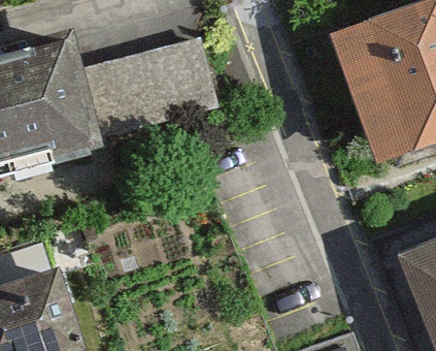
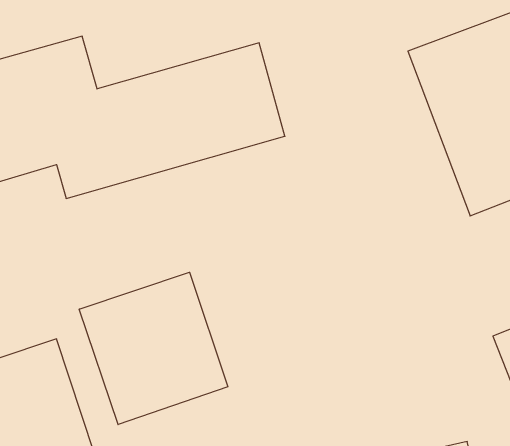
building: none -> [79,272,228,425]

